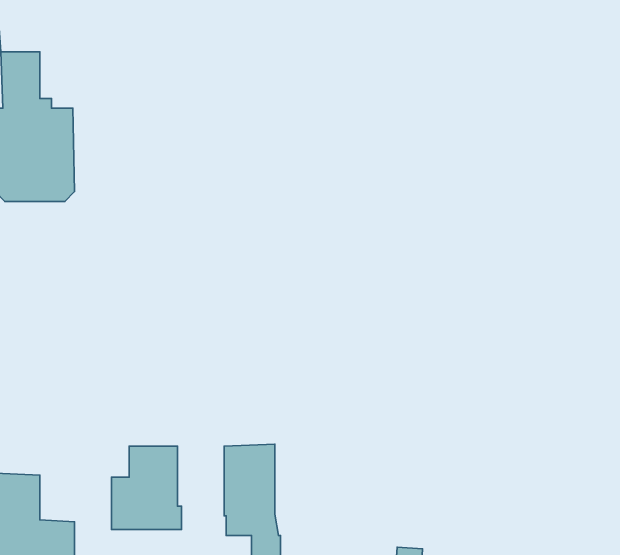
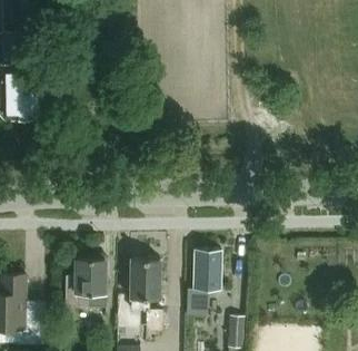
building: none -> [186,248,220,314]

